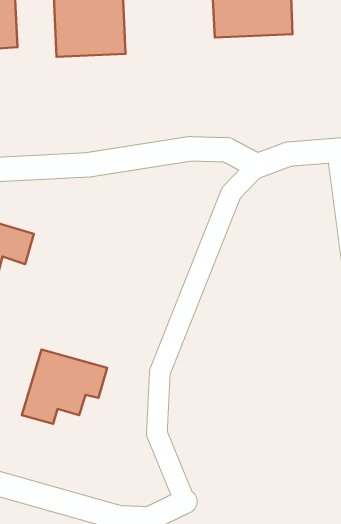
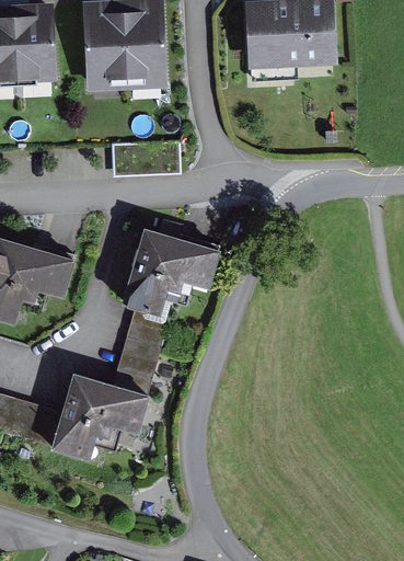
building: none -> [126,231,215,309]

